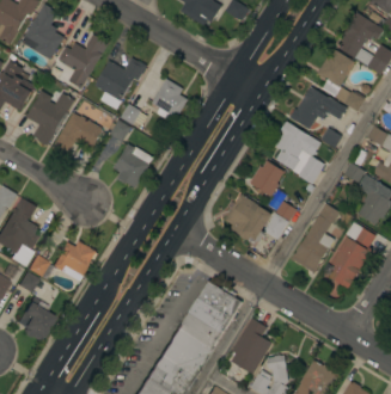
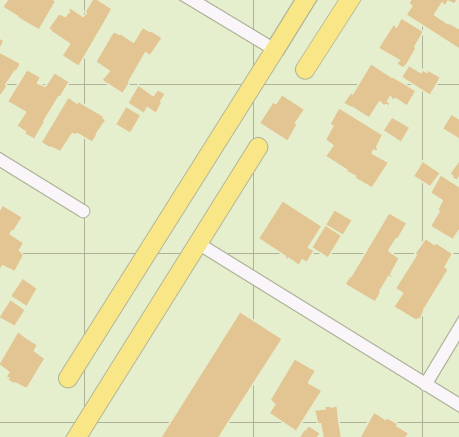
building: [152,79,188,123] -> none
building: [112,143,153,187] -> none
building: [249,160,285,197] -> [259,94,305,142]
building: [53,241,96,276] -> none

